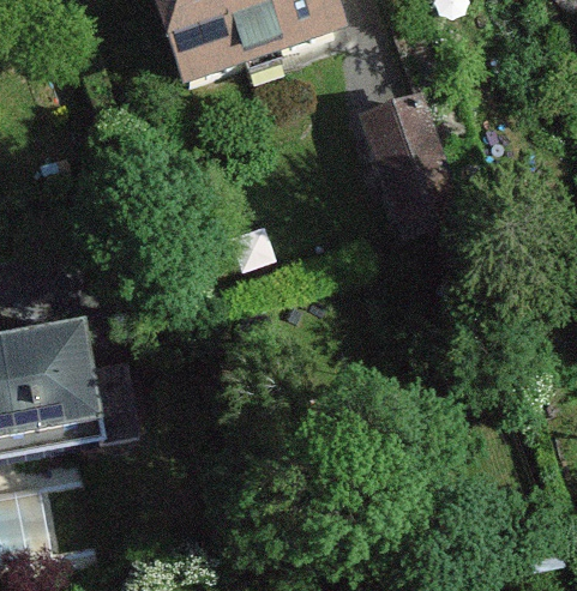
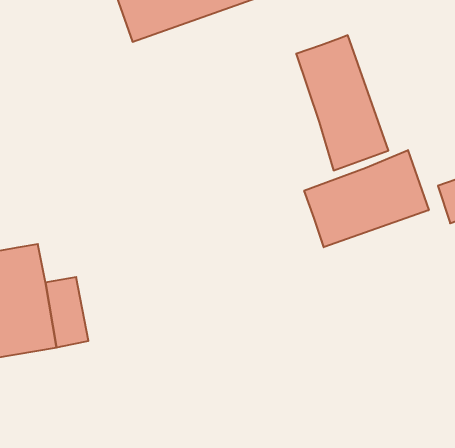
building: none -> [304,150,429,247]

